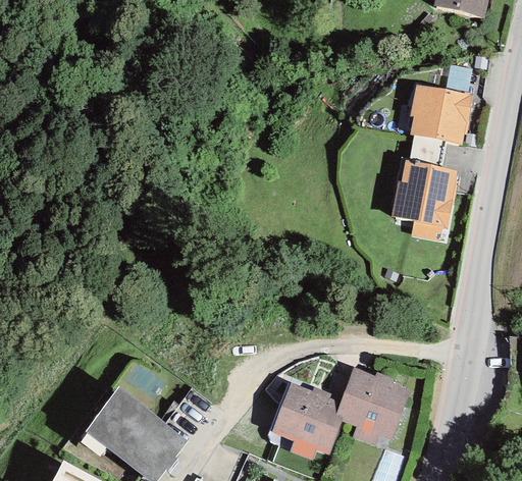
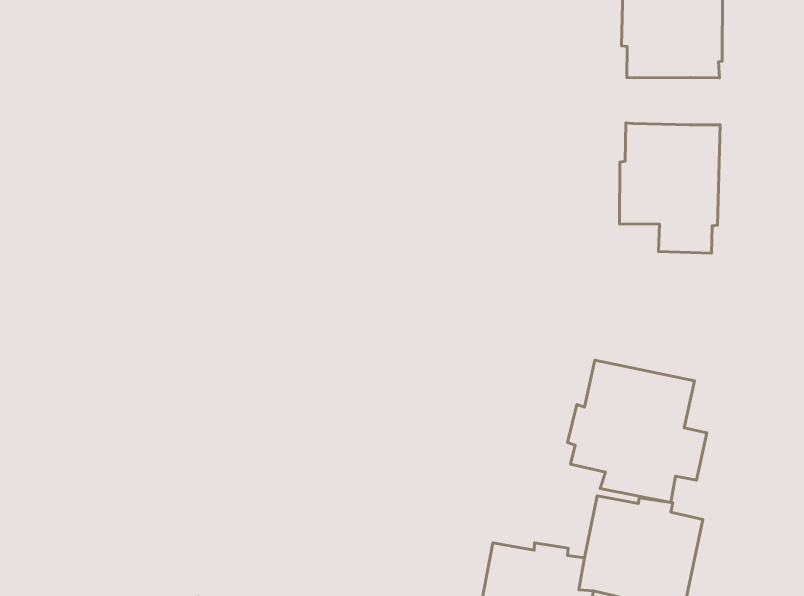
building: [409,137,446,168] -> none
building: none -> [568,360,707,503]

